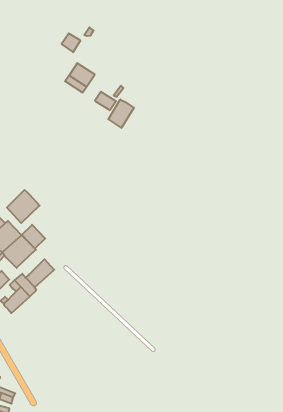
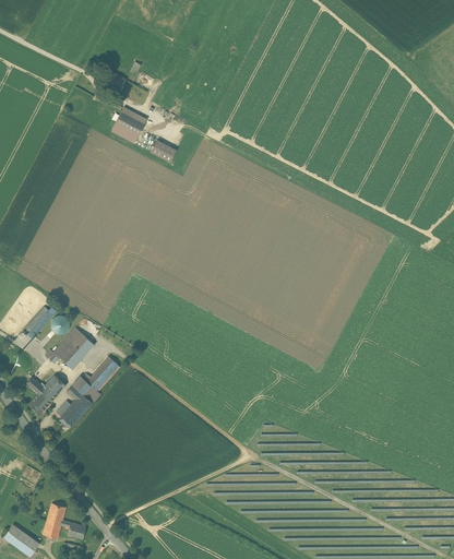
building: [108,99,134,128] -> none
building: [7,190,40,223] -> none
building: [22,225,45,249] -> none

